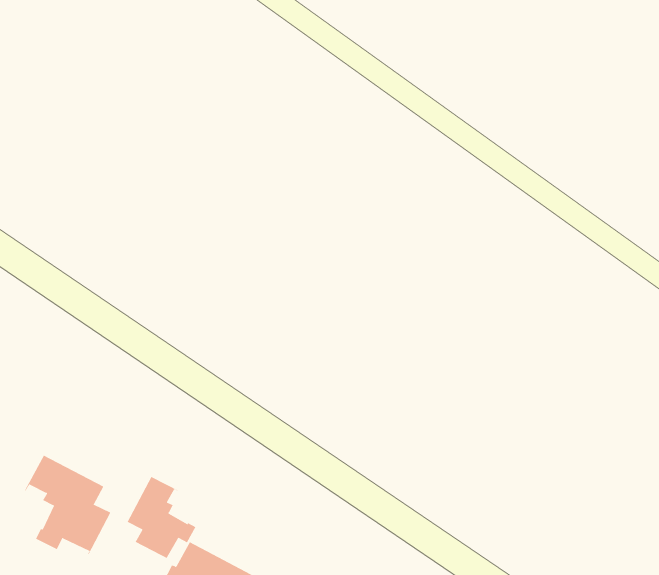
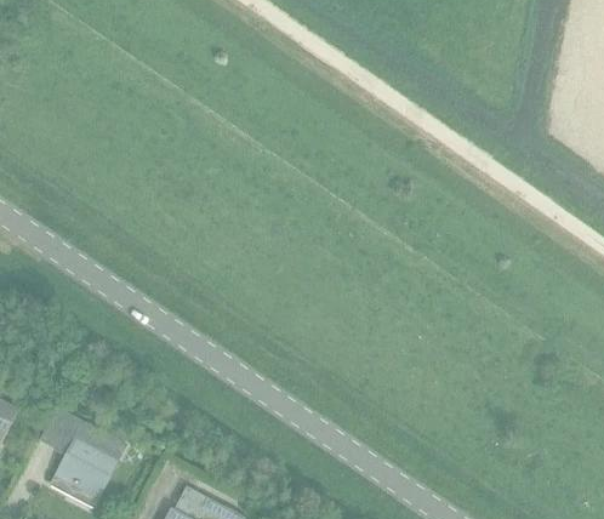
building: [127,476,196,560] -> none

